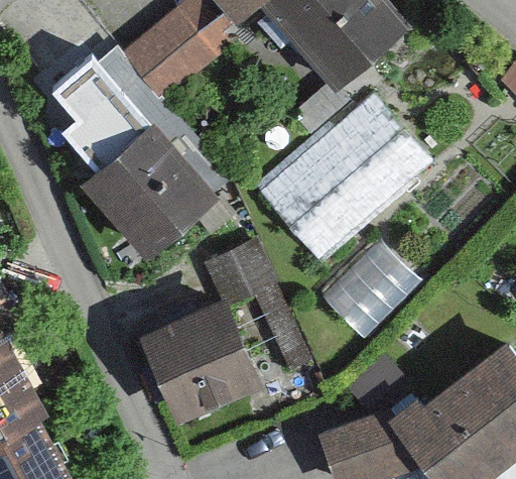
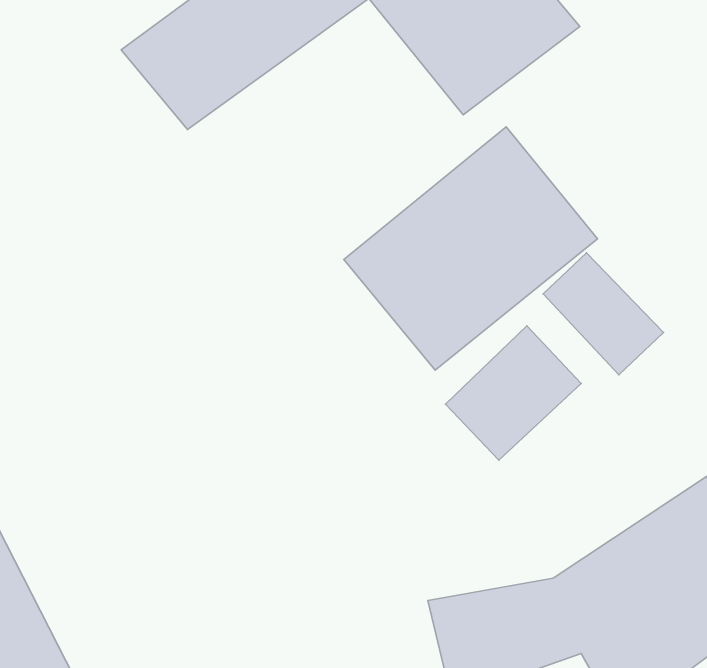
building: [63,65,234,270] -> none
building: none -> [543,253,663,375]
building: [146,240,300,410] -> none

